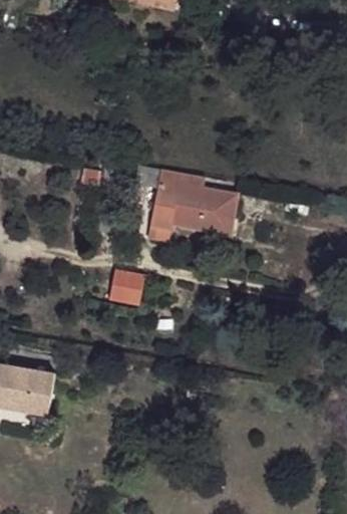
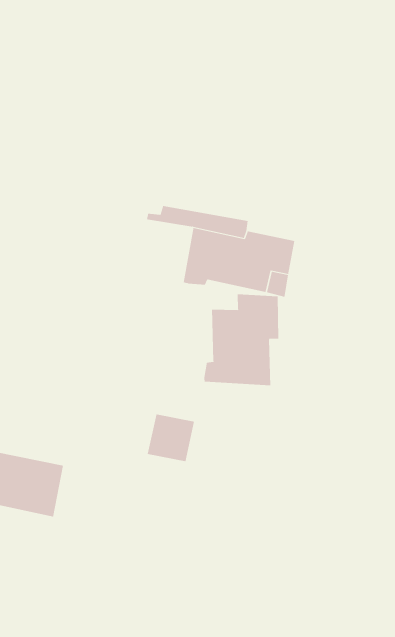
building: none -> [204,293,279,386]
building: [110,270,148,308] -> [147,414,195,462]

